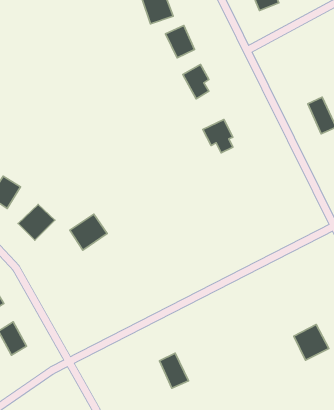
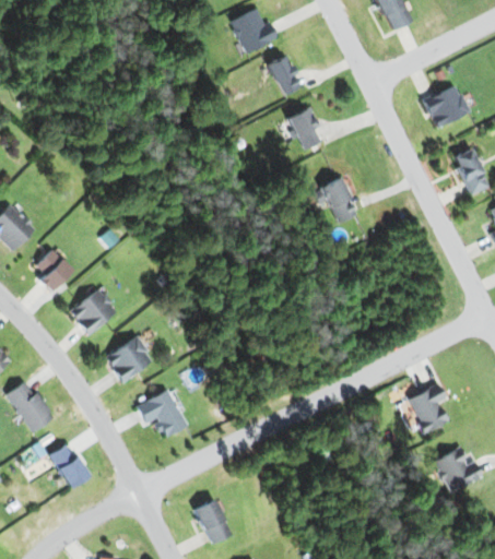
building: none -> [422,84,470,128]
building: [70,214,107,250] -> [106,335,155,382]
building: none -> [410,384,455,432]
building: none -> [141,394,176,429]
building: [159,353,189,388] -> [191,499,229,545]

